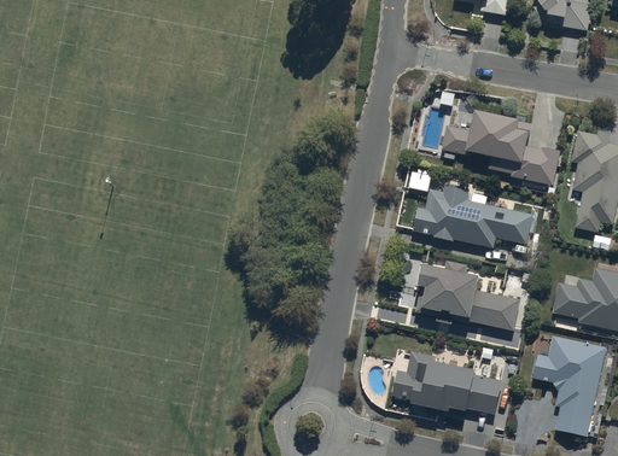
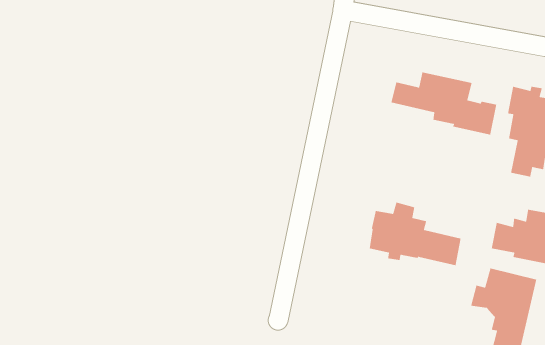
building: [413,185,534,247] -> none
building: [389,349,501,413] -> none

